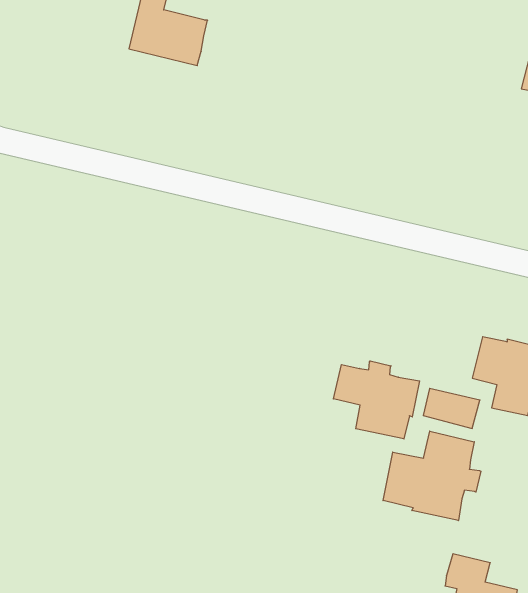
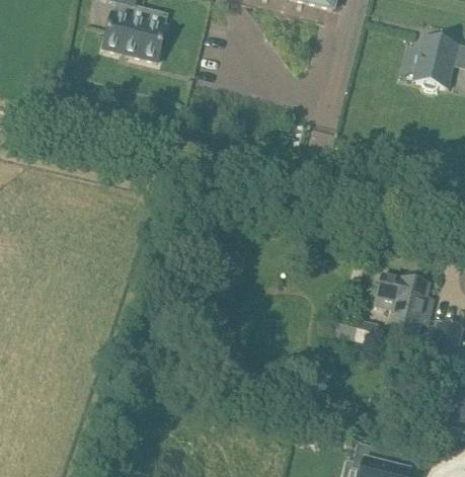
building: [333,361,420,439] -> none
building: [383,431,481,521] -> none

